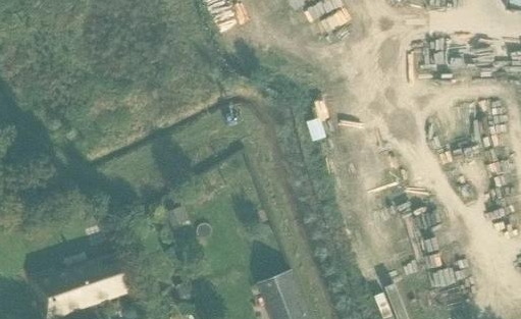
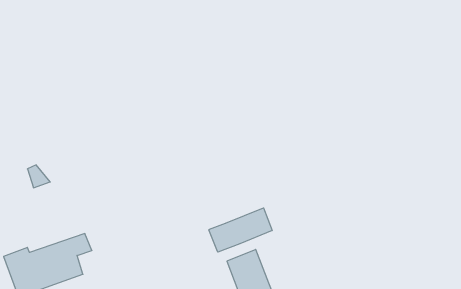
building: none -> [209,208,272,252]

